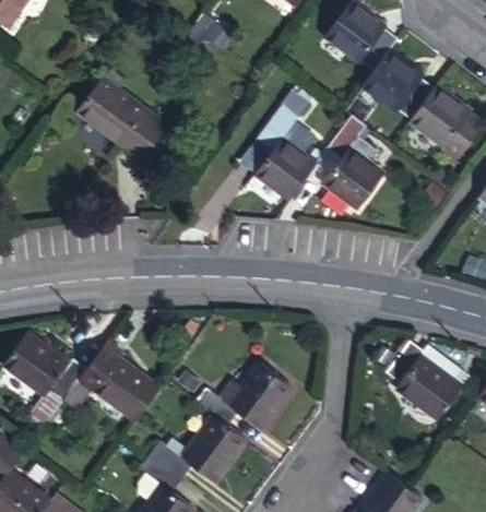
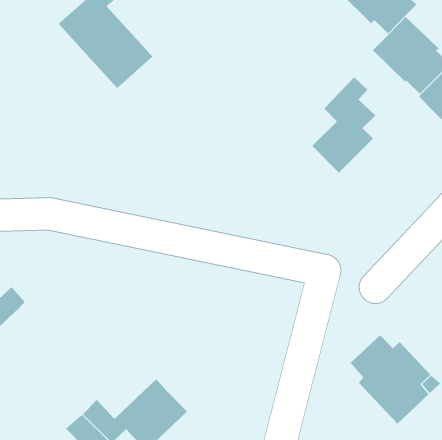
building: [253,112,310,203] -> none
building: [85,337,161,417] -> none
building: [199,356,293,422] -> none

